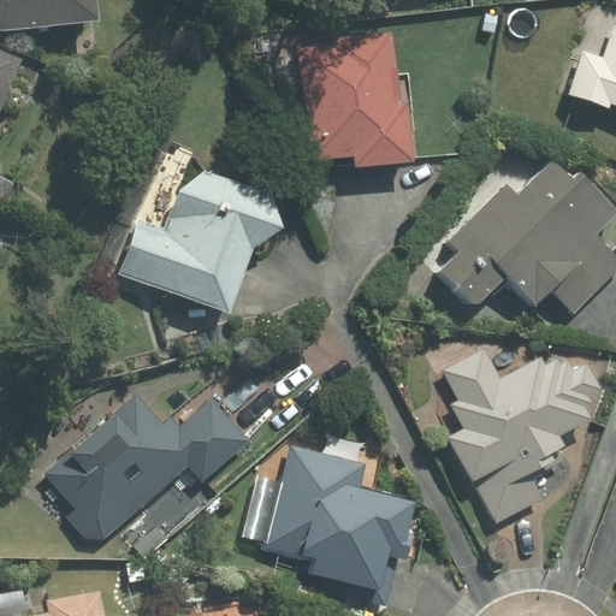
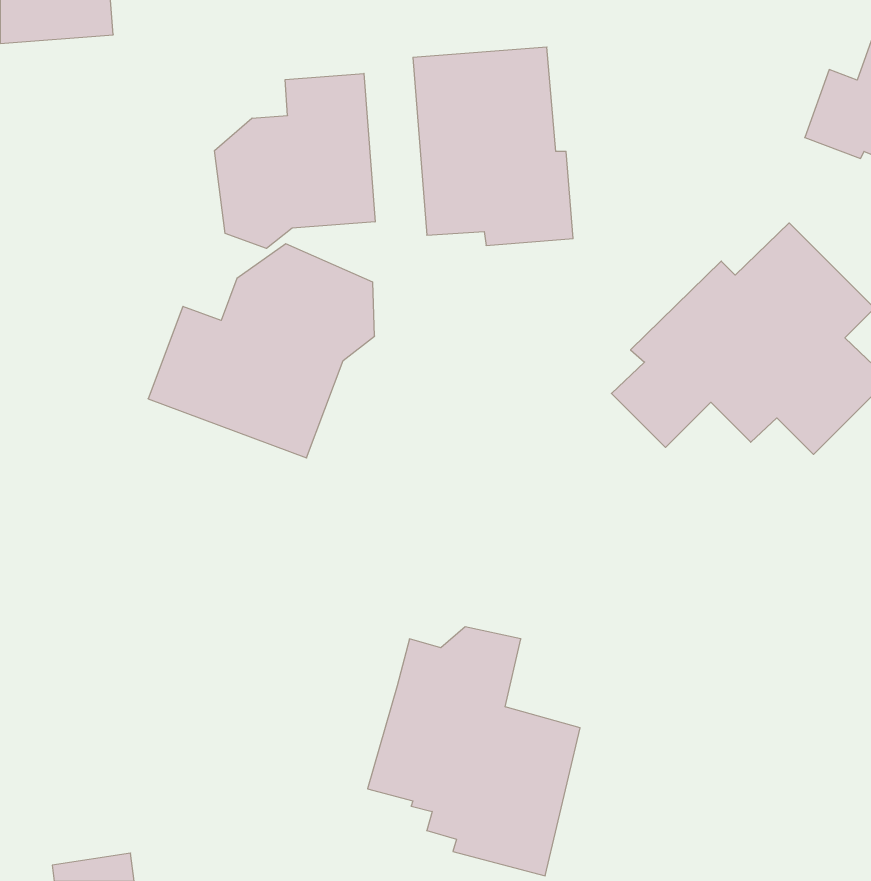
building: none -> [215,73,375,248]
building: [443,330,602,520] -> none
building: [47,397,253,540] -> none

